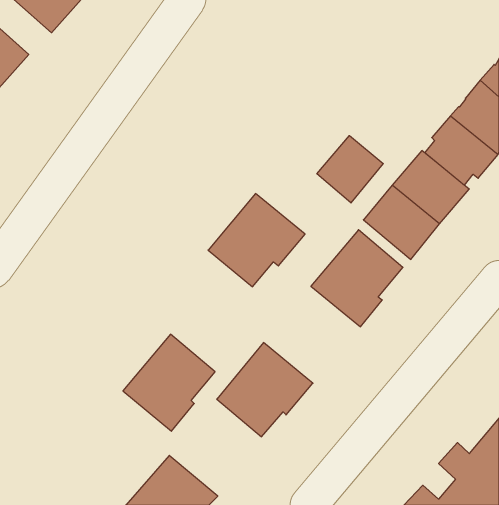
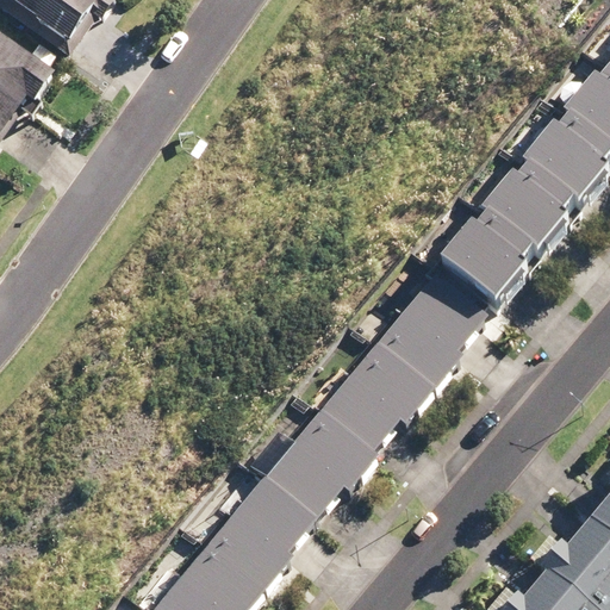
building: [317,136,383,203] -> none
building: [208,194,305,287] -> [317,344,434,456]
building: [123,334,215,431] -> [204,480,315,597]

